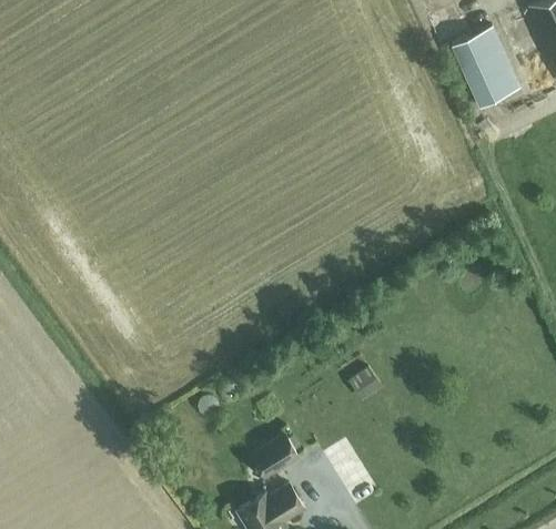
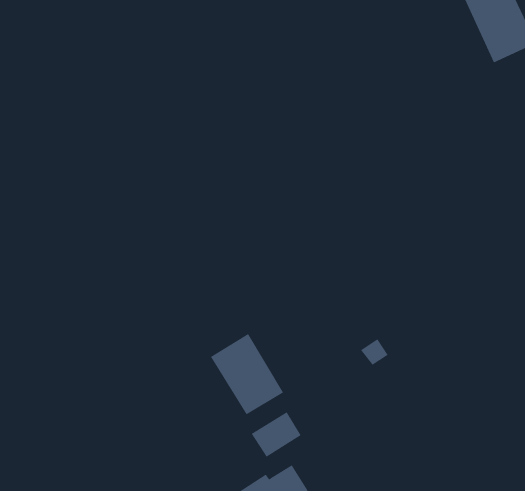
building: none -> [210,333,284,415]

